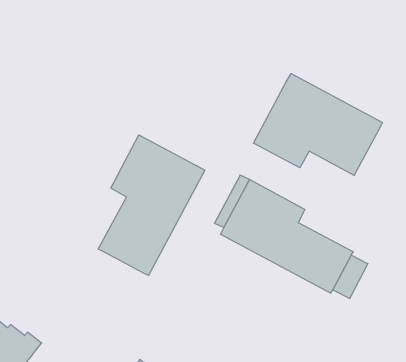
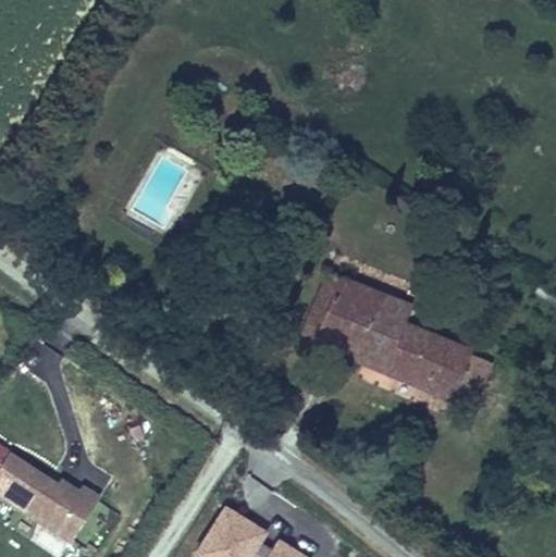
building: [253,74,382,176] -> none
building: [98,135,205,275] -> none

